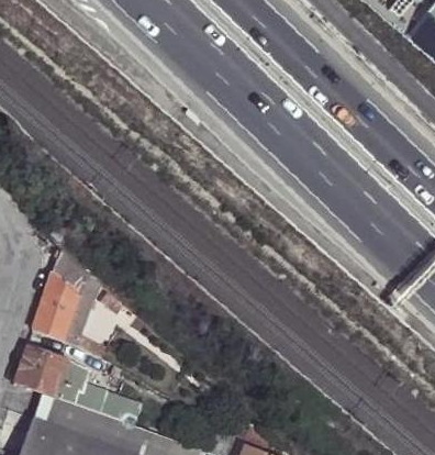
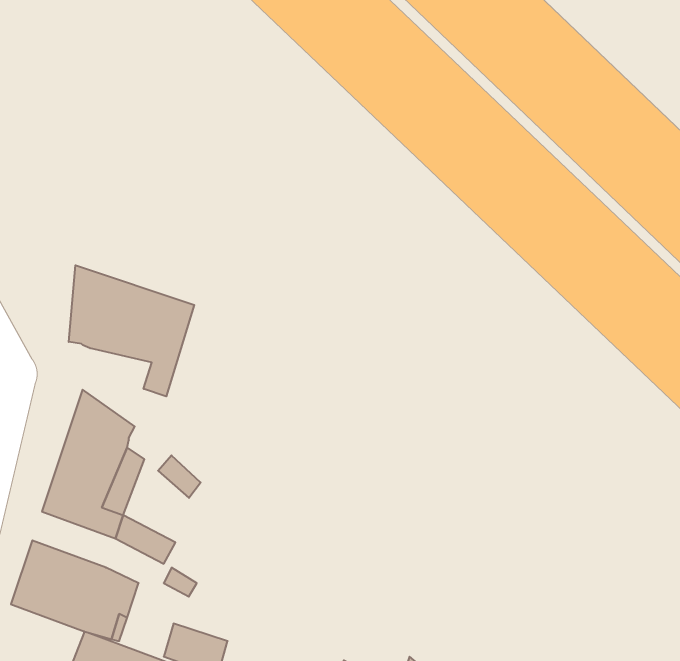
building: none -> [69,265,194,396]

